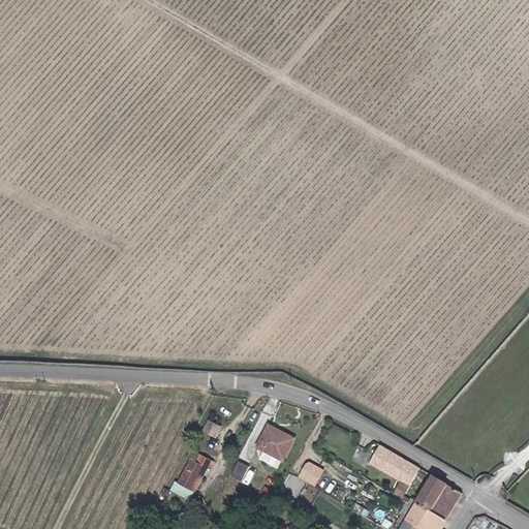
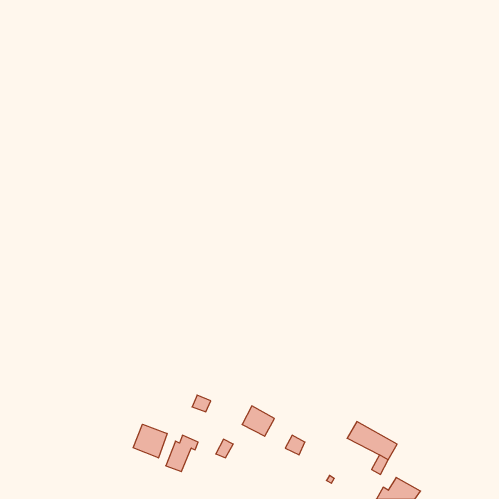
building: none -> [133,424,167,458]
building: [417,476,460,518] -> none

